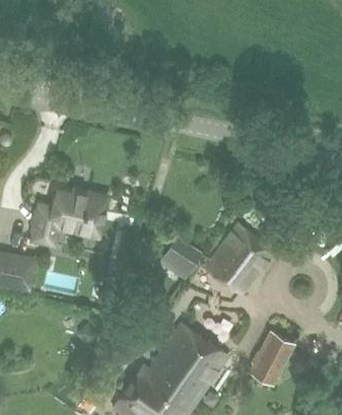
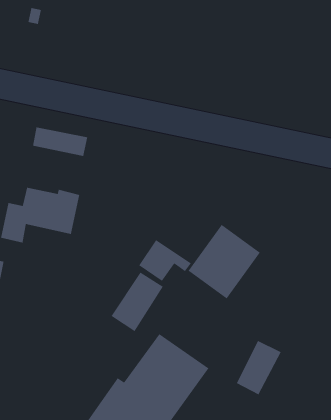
building: none -> [32,127,88,157]
building: none -> [111,272,164,332]

